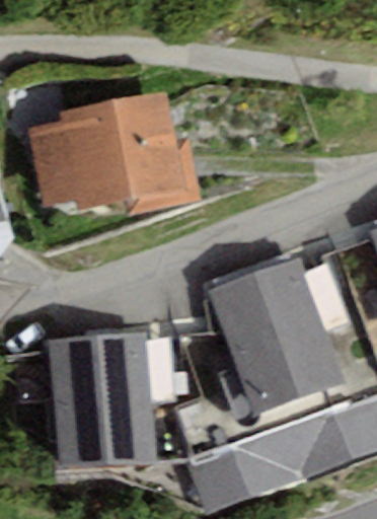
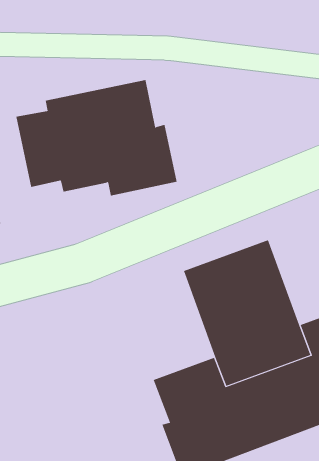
building: [50,333,154,466] -> none

